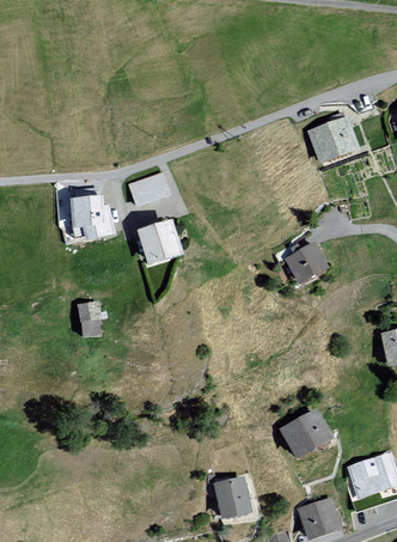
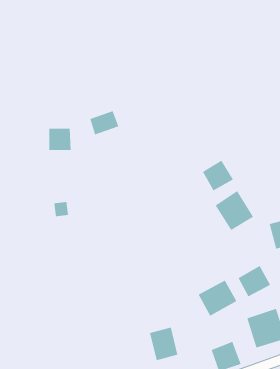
building: [307,114,360,165] -> none
building: [135,221,181,266] -> none
building: none -> [215,190,254,231]
building: none -> [238,265,271,297]

